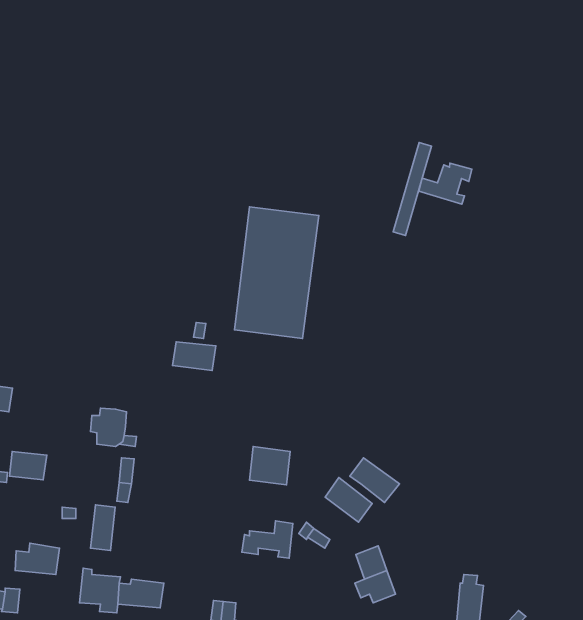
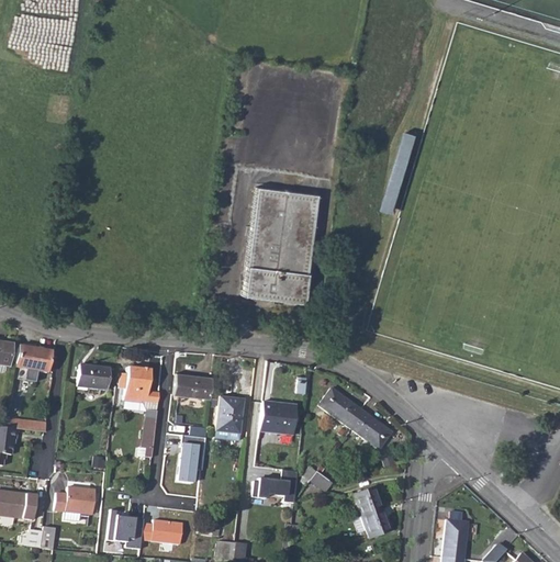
building: [419,163,472,204] -> none
building: [173,342,216,370] -> [175,373,213,398]
building: none -> [213,396,243,443]
building: [10,451,47,480] -> [76,364,109,390]
building: [325,477,372,522] -> [318,387,360,427]
building: [91,505,115,551] -> [179,441,201,482]

